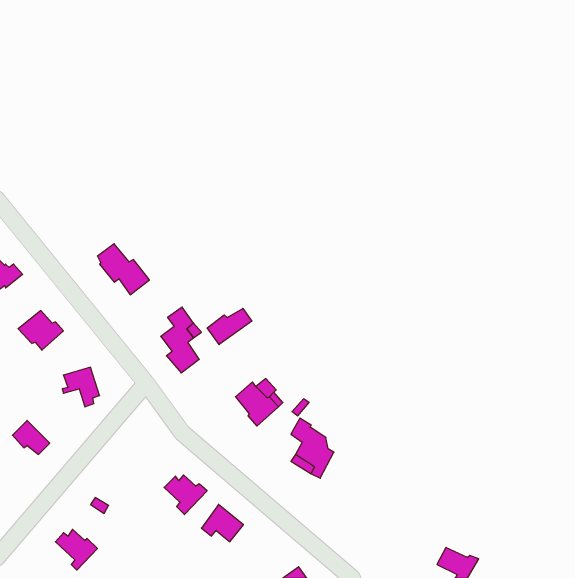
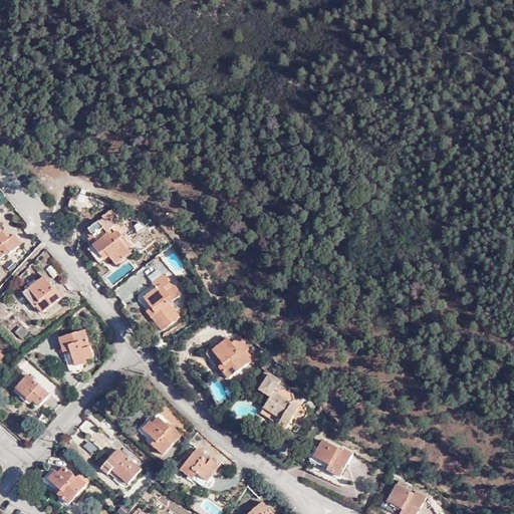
building: [207,308,252,345] -> none
building: none -> [312,442,351,481]
building: none -> [101,448,142,483]

